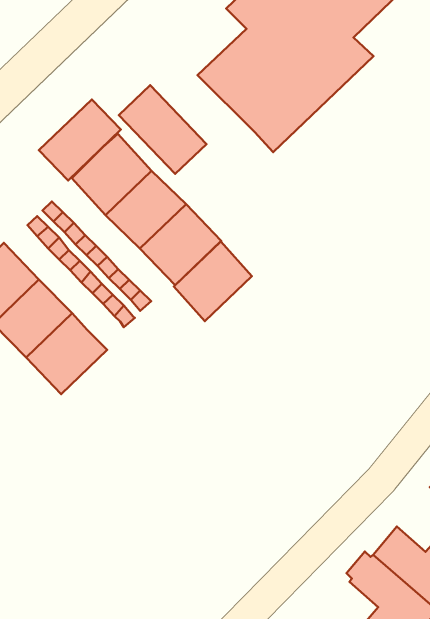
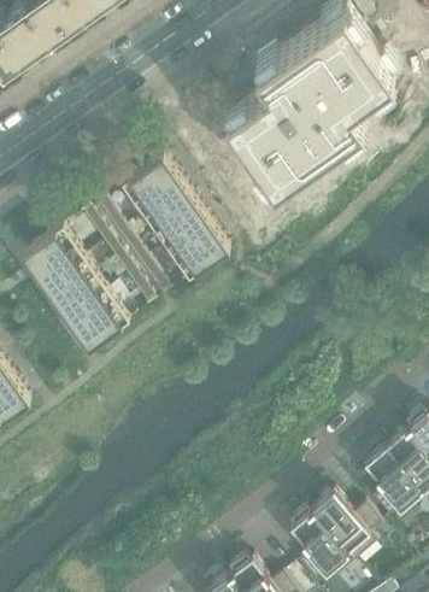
building: [119,85,206,174] -> none
building: [39,99,121,180] -> none
building: [174,241,252,321] -> none

